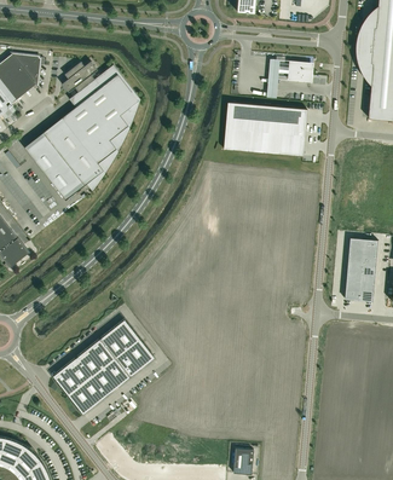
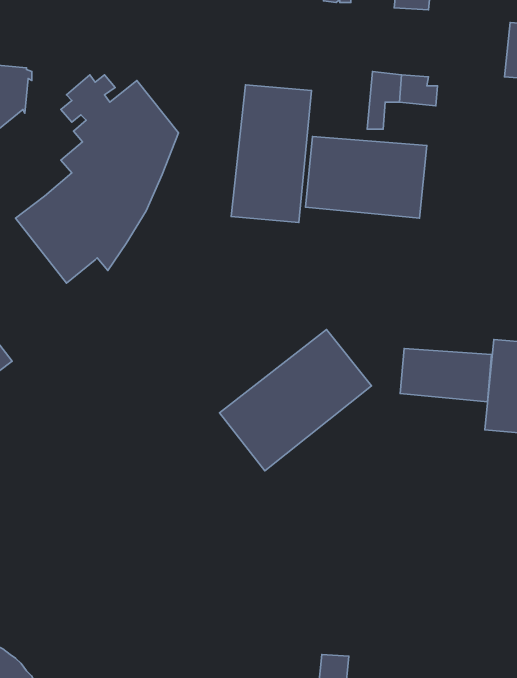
building: none -> [231,85,311,222]
building: none -> [400,348,492,402]
building: [53,319,155,414] -> [219,330,372,471]

